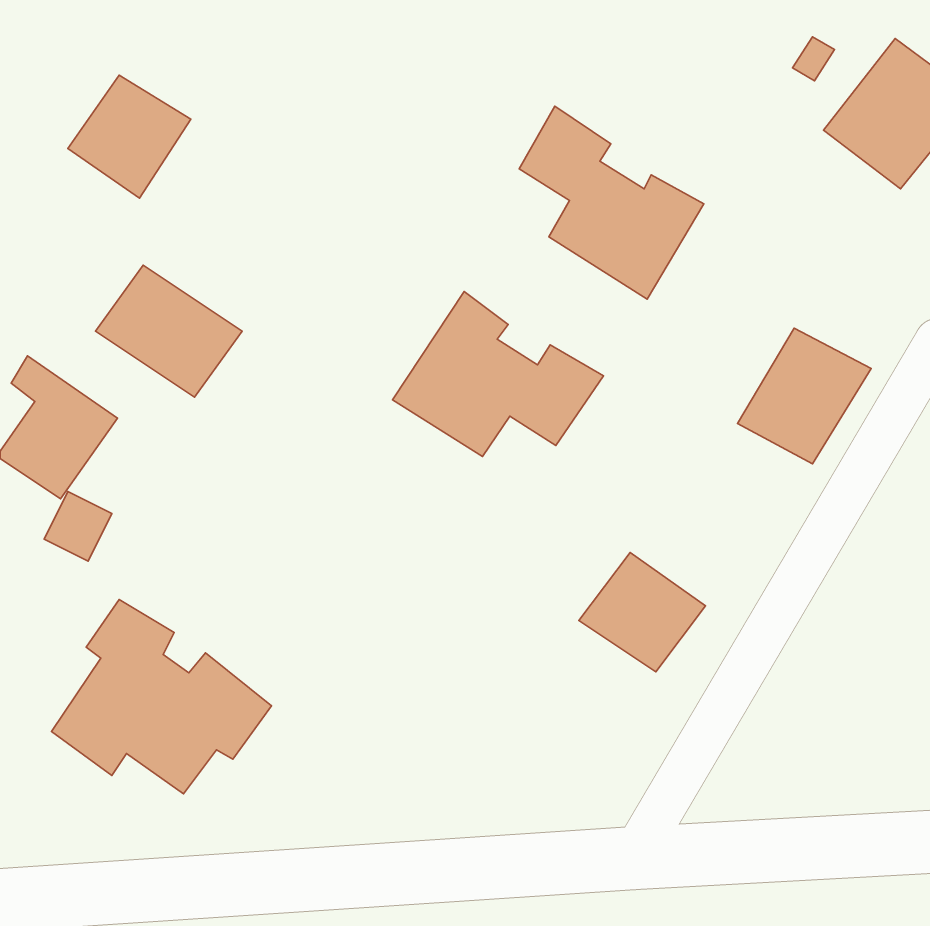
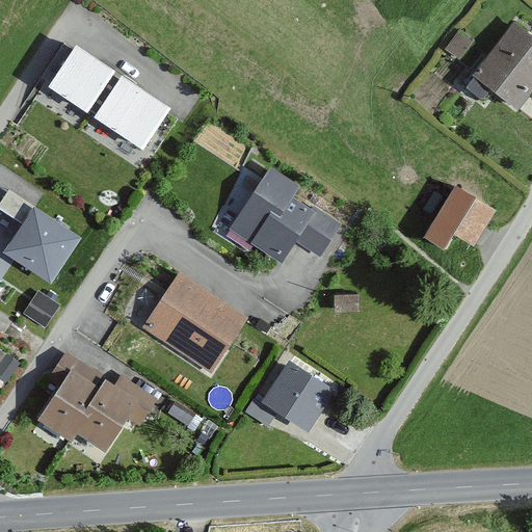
building: [519,106,704,299] -> none
building: [95,265,242,397] -> [88,75,171,150]
building: none -> [141,274,248,378]
building: [579,553,705,672] -> [260,361,331,428]

